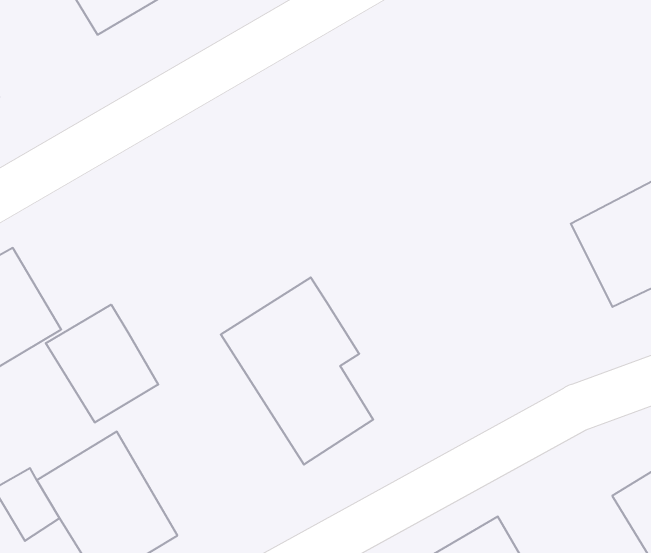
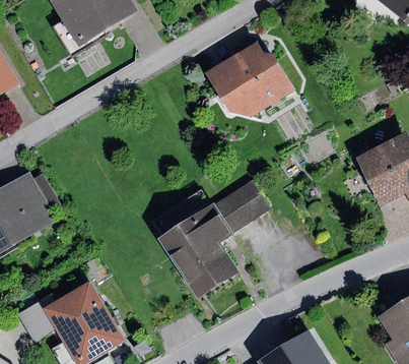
building: none -> [204,41,294,117]
building: none -> [211,178,271,234]
building: [46,305,158,423] -> none

